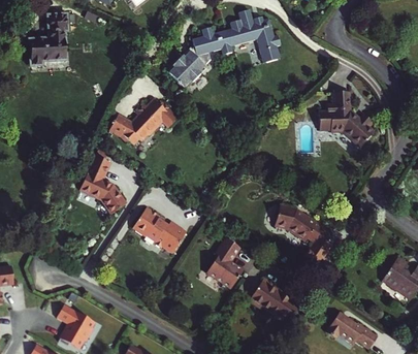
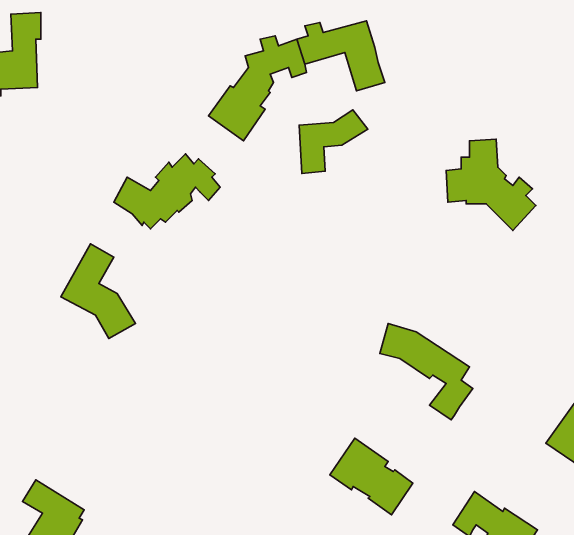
building: none -> [299,110,368,174]
building: [132,204,188,252] -> none
building: [204,236,242,290] -> none

